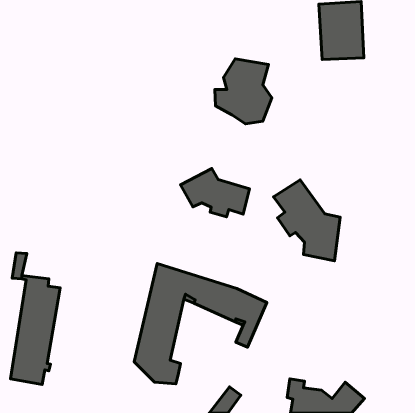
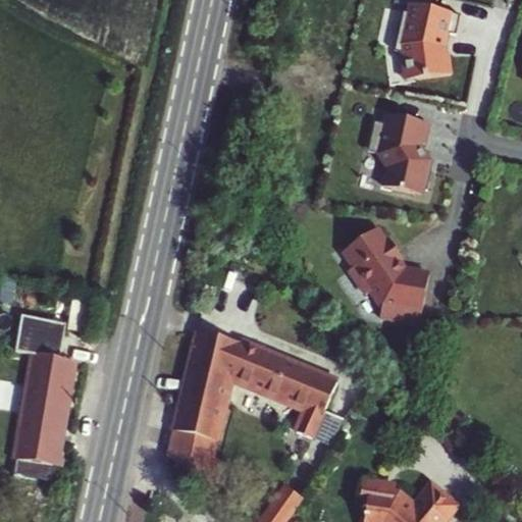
building: [215,59,272,124] -> [361,114,432,196]
building: [181,169,249,217] -> none
building: none -> [28,318,66,350]

